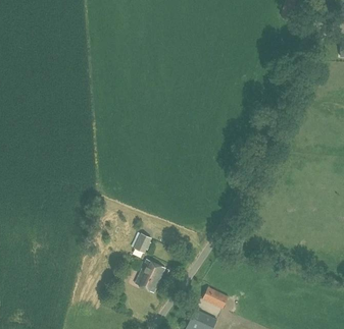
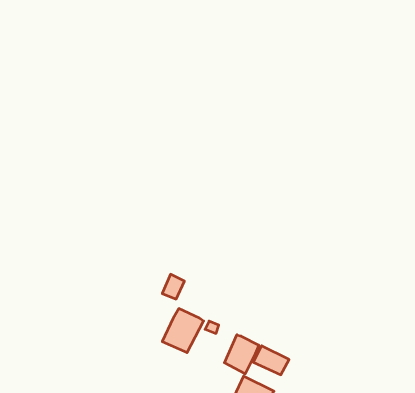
building: none -> [224,335,259,374]

